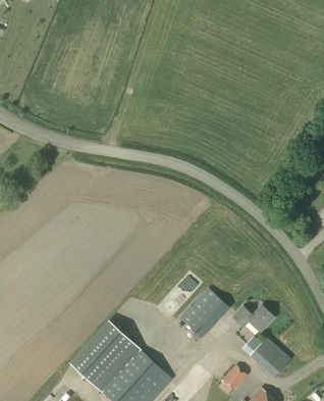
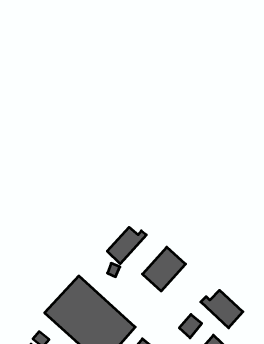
building: none -> [107,227,146,264]
building: [232,304,274,332] -> none

